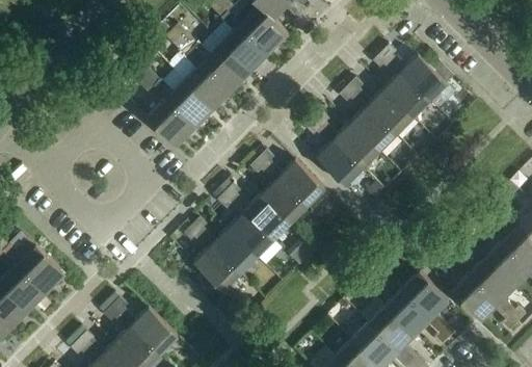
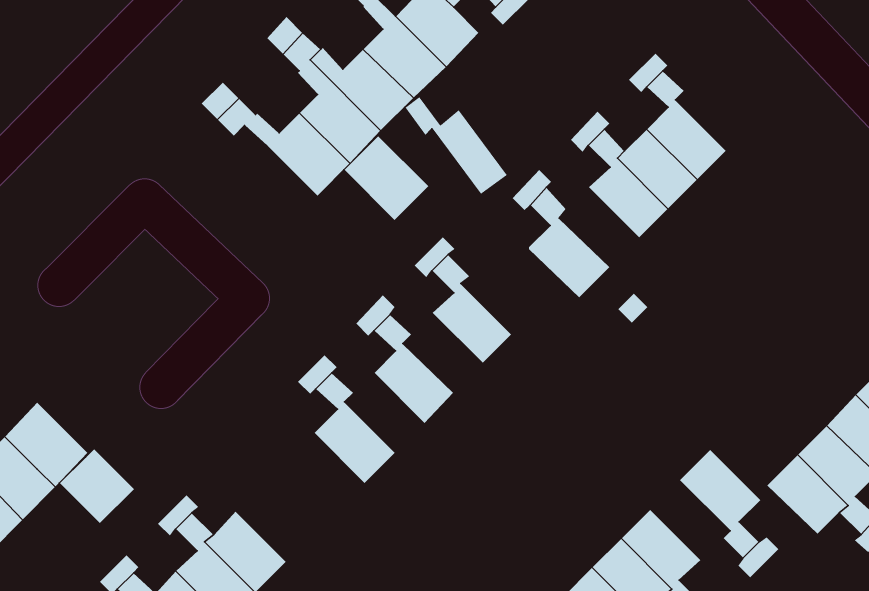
building: [399,56,446,103] -> none
building: none -> [404,96,508,195]
building: [145,100,194,149] -> [344,135,429,221]
building: [332,124,378,169] -> none
building: [276,161,323,208] -> none
building: [243,195,289,241] -> none
building: [210,230,256,276] -> none
building: none -> [59,448,135,524]
building: [384,291,430,337] -> none

